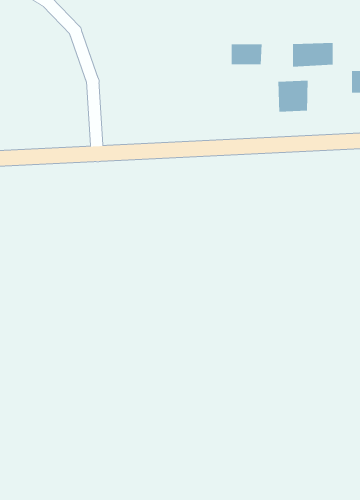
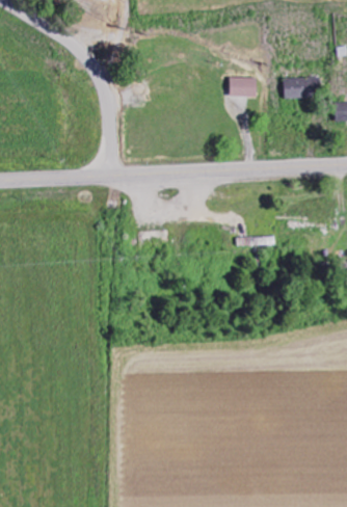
building: [278,80,308,112] -> none

